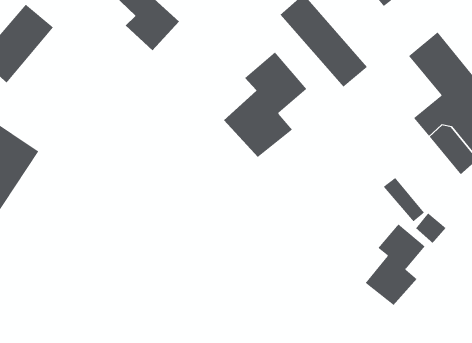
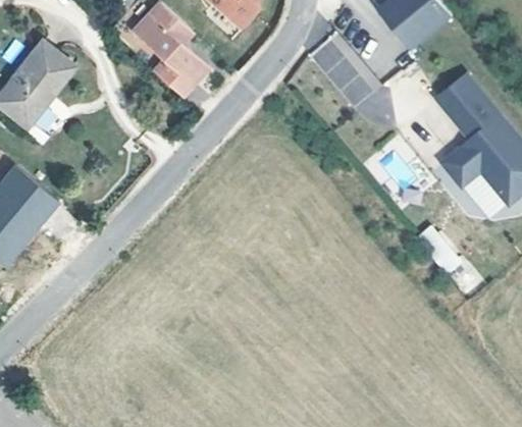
building: [223,52,307,158] -> none
building: [365,224,425,306] -> none

